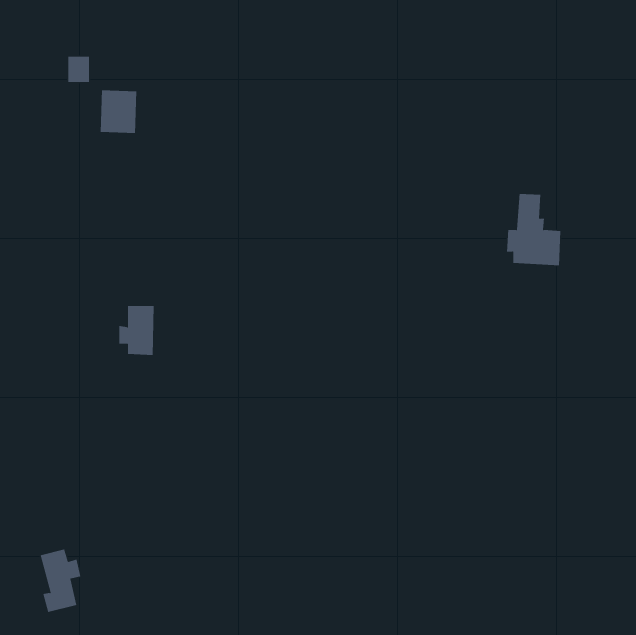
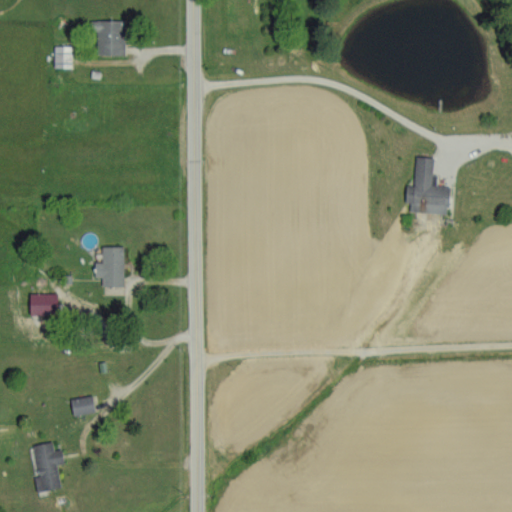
building: [100,90,137,134] -> [95,21,125,56]
building: none -> [31,293,58,316]
building: none -> [71,397,96,416]

